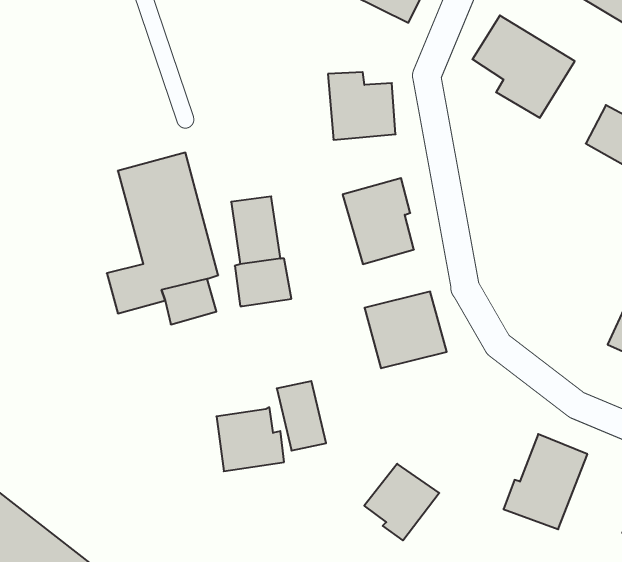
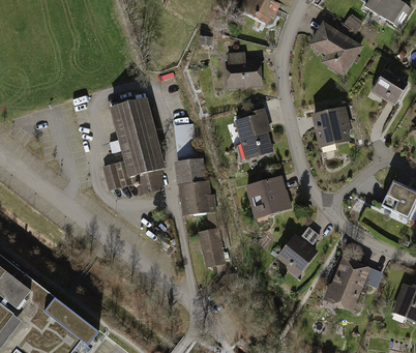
building: none -> [311,106,354,147]
building: [216,407,284,471] -> [177,178,215,214]
building: [364,464,439,540] -> [274,232,317,275]

